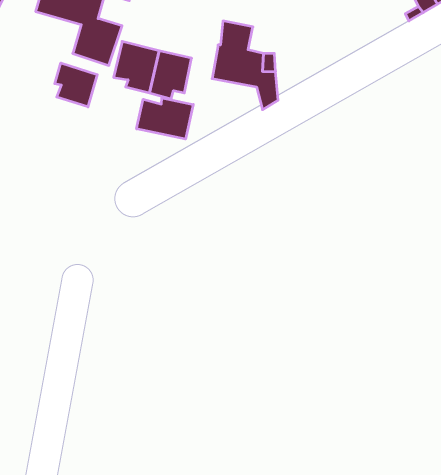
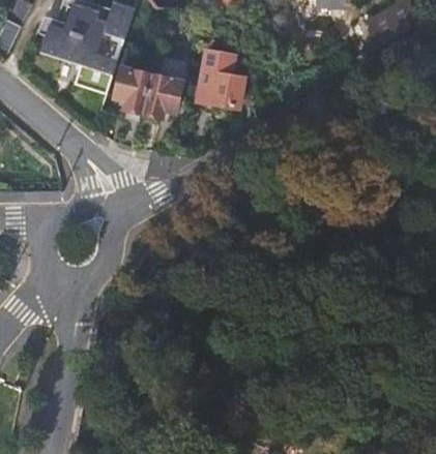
building: [55,63,97,107] -> none
building: [137,98,193,139] -> none

